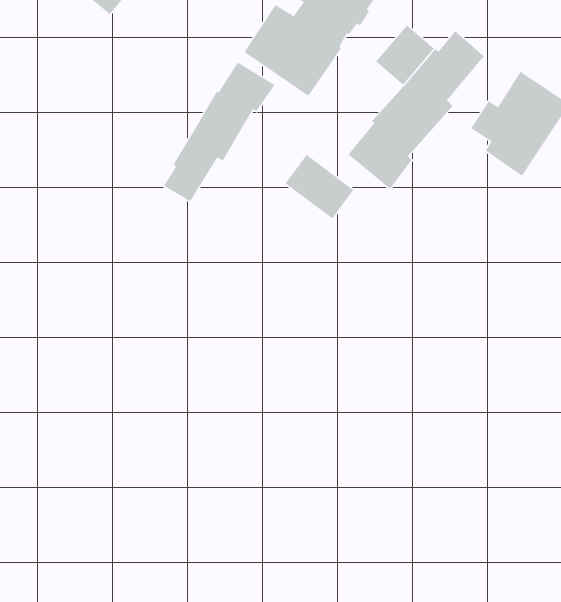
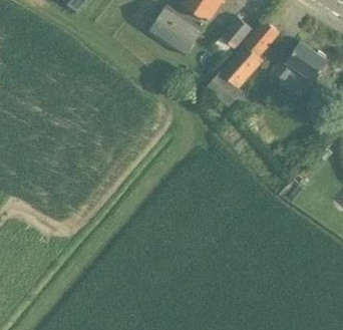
building: [163,61,276,202] -> none
building: [285,154,354,220] -> none

